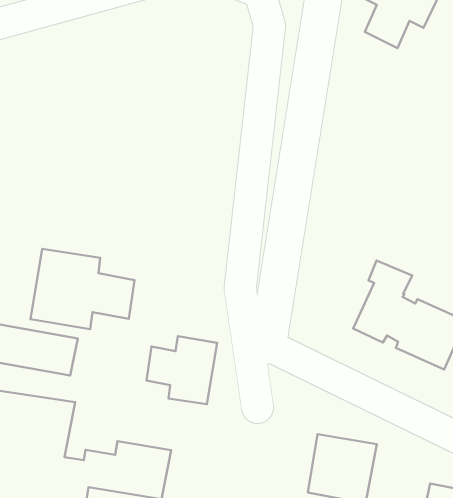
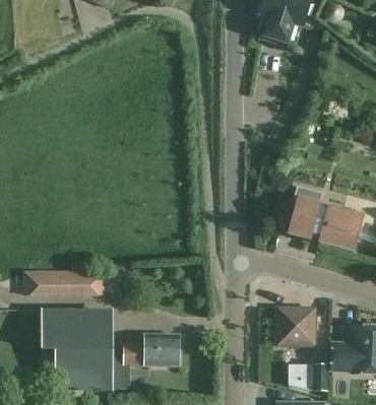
building: [30,249,135,329] -> none
building: [146,336,217,404] -> none

